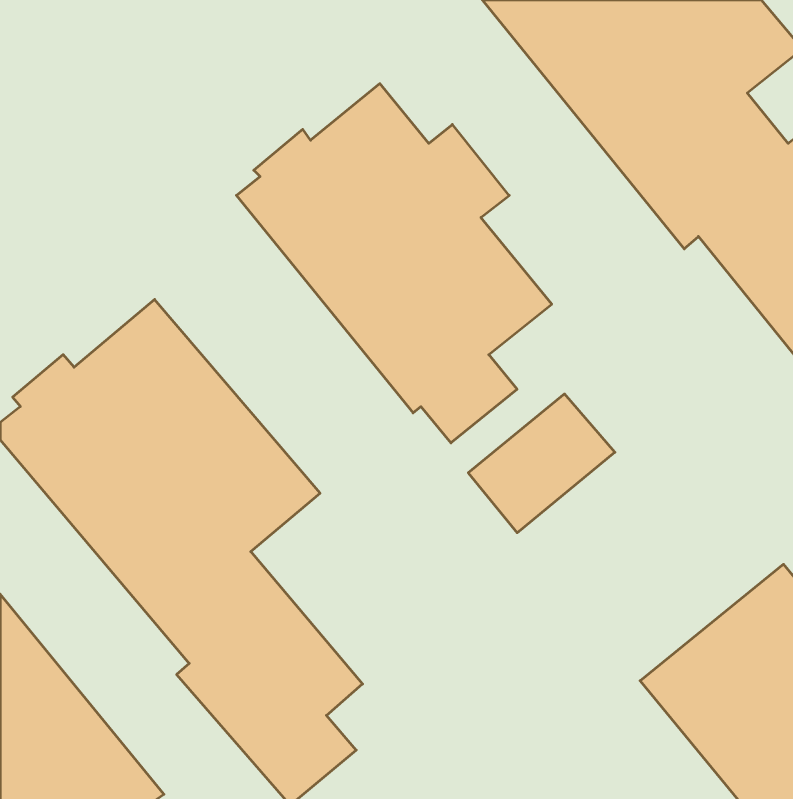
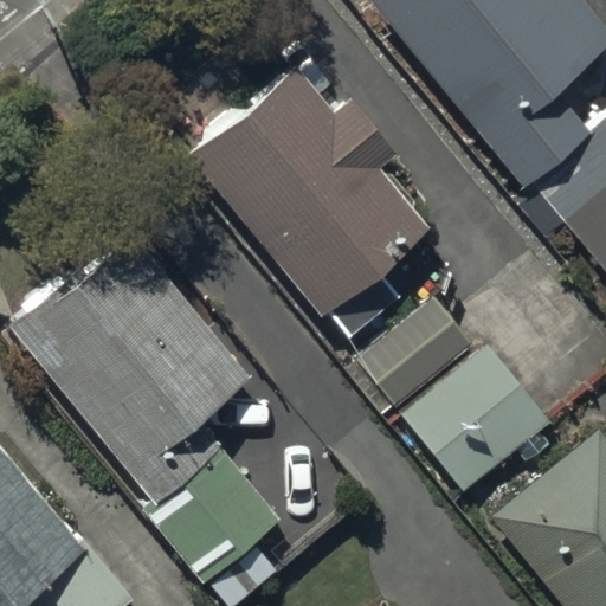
building: none -> [399,341,552,494]

